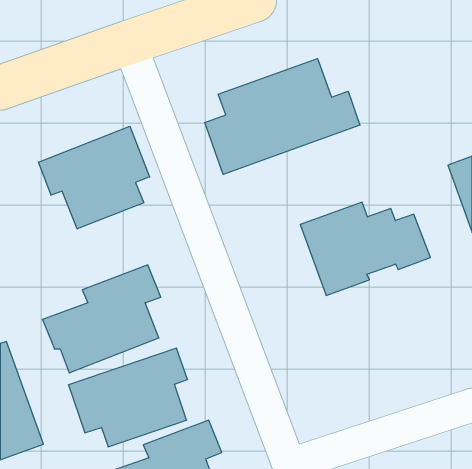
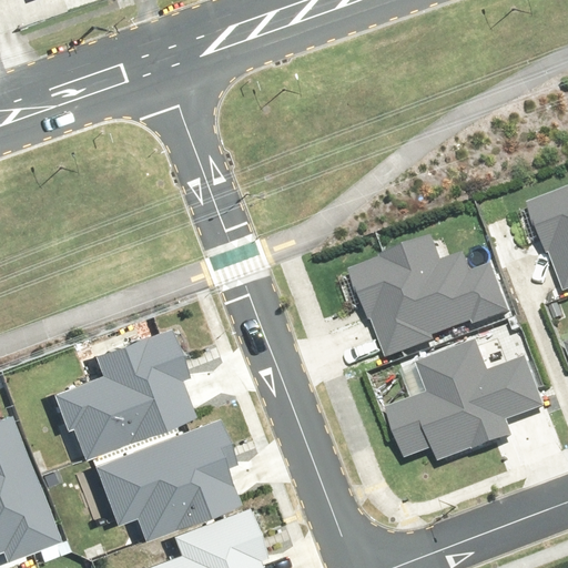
building: [205,59,360,174] -> none
building: [38,126,150,229] -> none
building: none -> [390,346,542,462]

